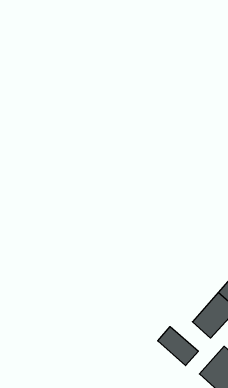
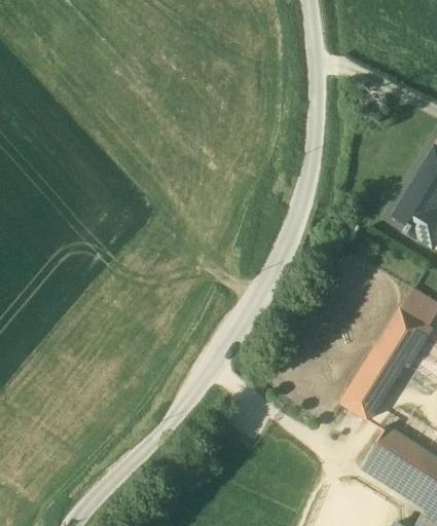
building: [158,327,198,366] -> none

